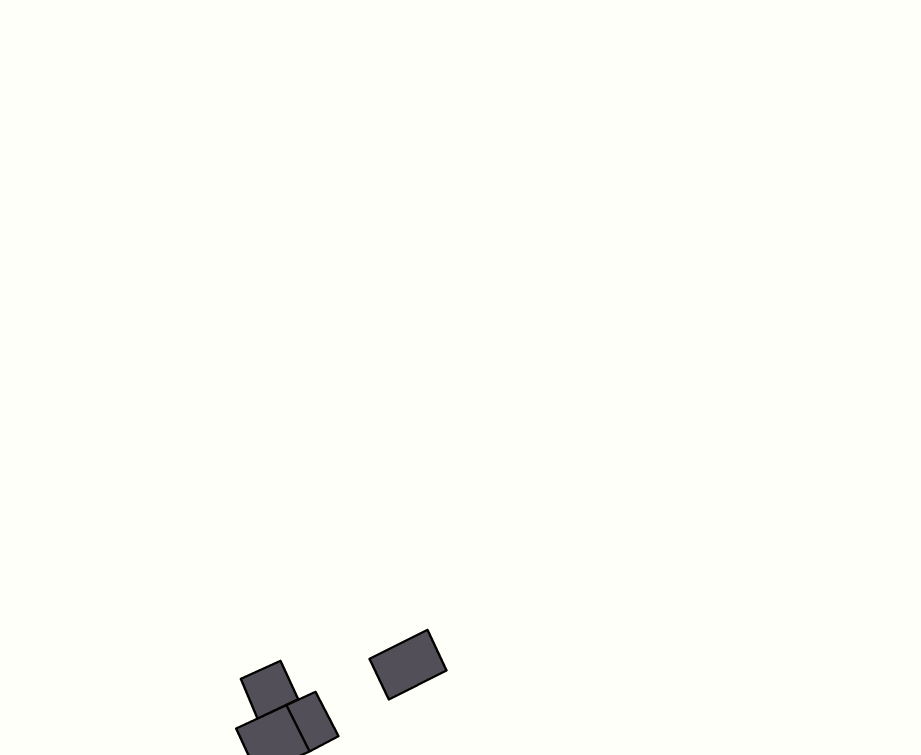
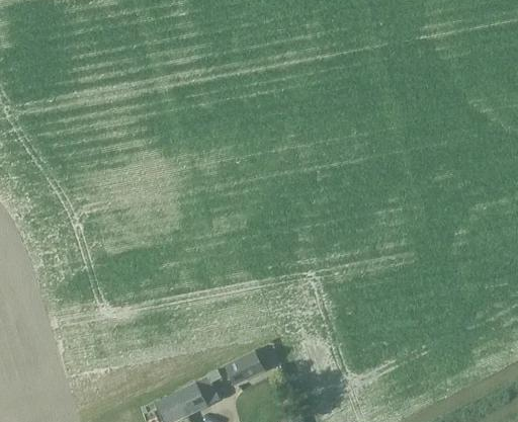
building: [241,661,298,719] -> none

